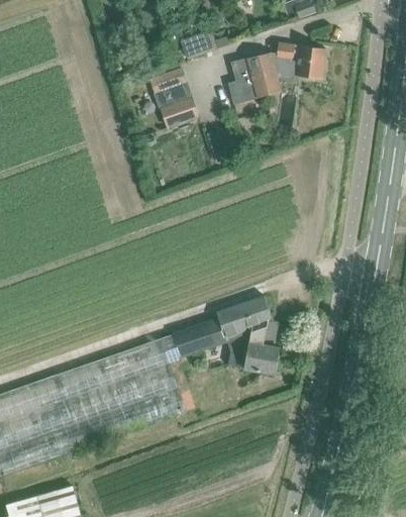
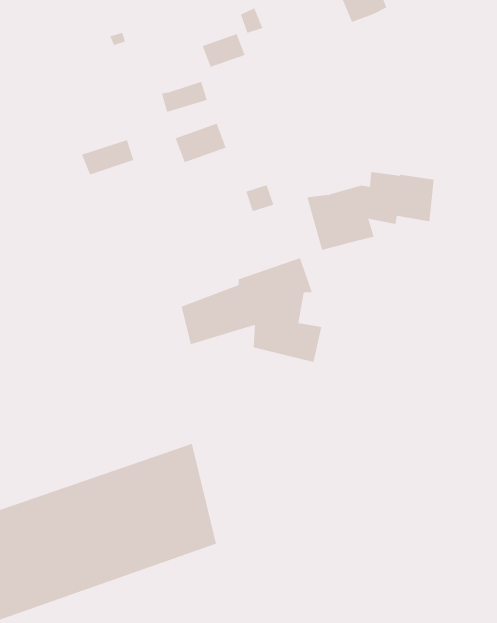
building: [230,41,325,100] -> [306,171,434,250]
building: [150,82,190,108] -> [81,140,134,175]
building: [175,295,280,373] -> [181,258,322,362]

